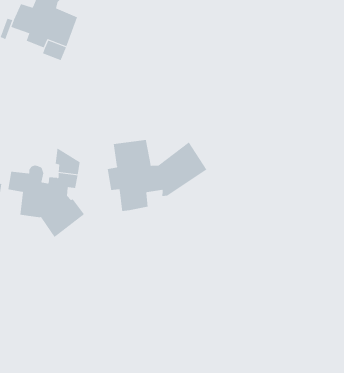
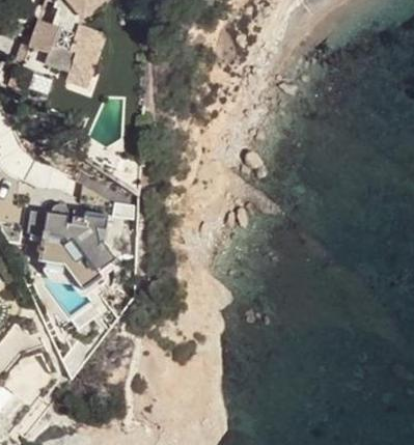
building: [107,139,207,212] -> none

